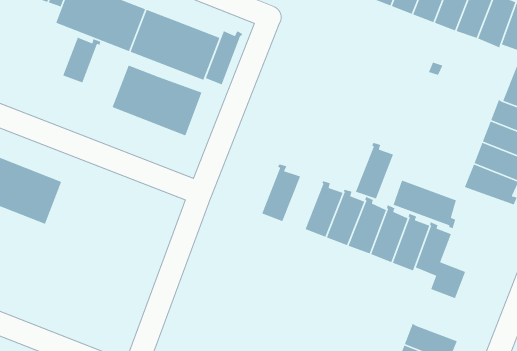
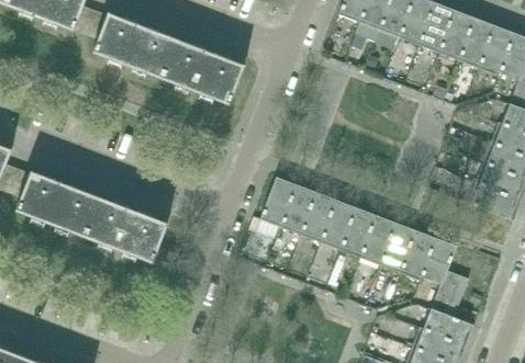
building: [205,30,243,85] -> none
building: [62,36,101,84] -> none
building: [111,64,202,136] -> [83,197,167,263]
building: [355,142,394,200] -> [301,189,337,241]
building: none -> [259,173,298,227]
building: [393,179,457,229] -> none
building: none -> [424,296,472,345]

